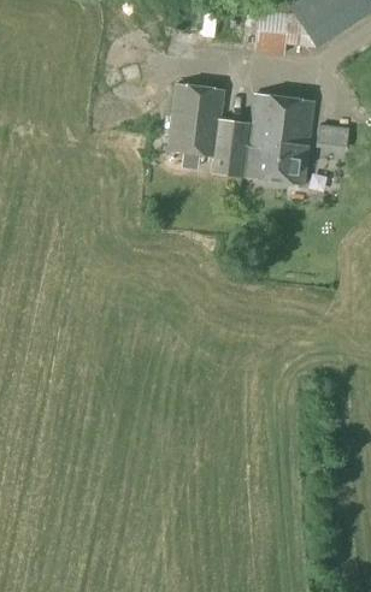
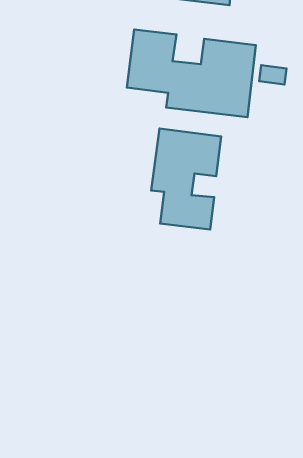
building: none -> [151,128,221,230]

